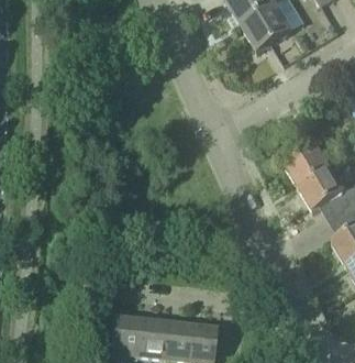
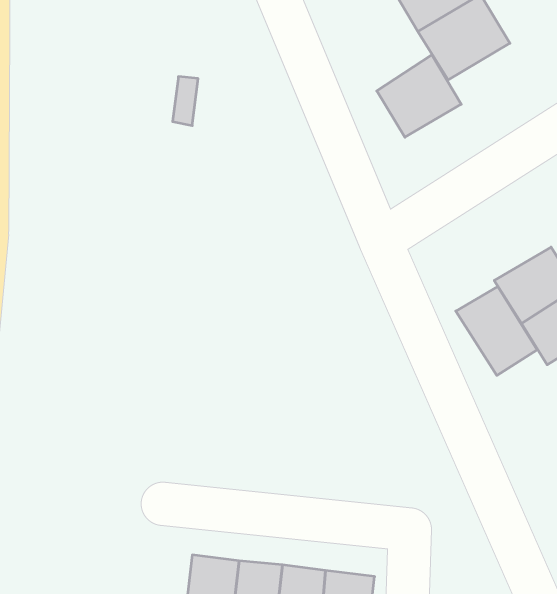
building: none -> [377,55,461,137]
building: none -> [456,286,537,375]

